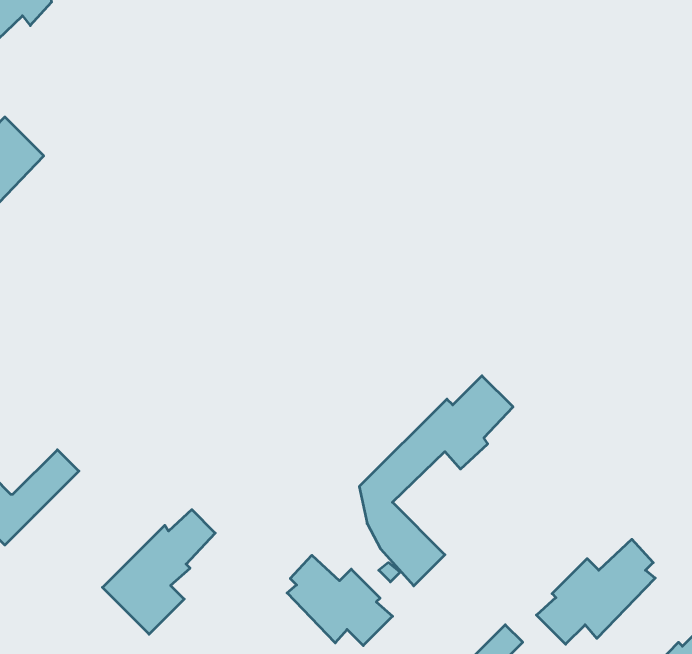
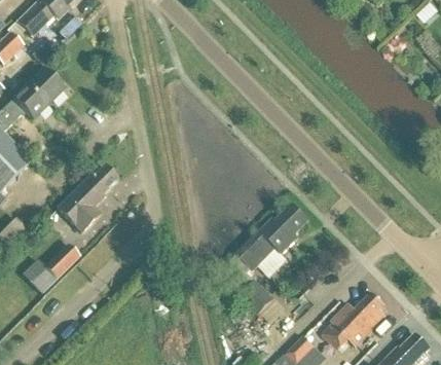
building: [102,510,215,634] -> [56,167,115,232]
building: [287,555,393,646] -> none

